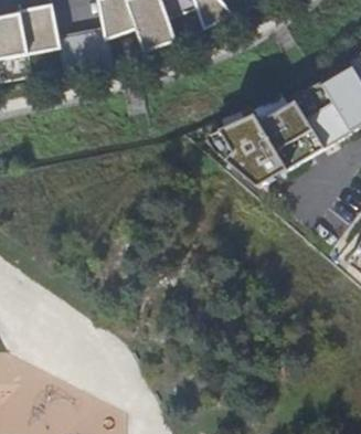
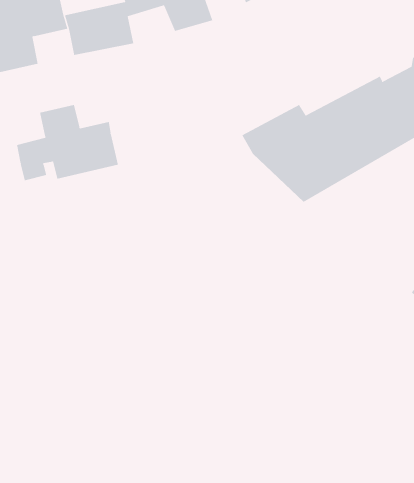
building: none -> [16,104,118,181]

